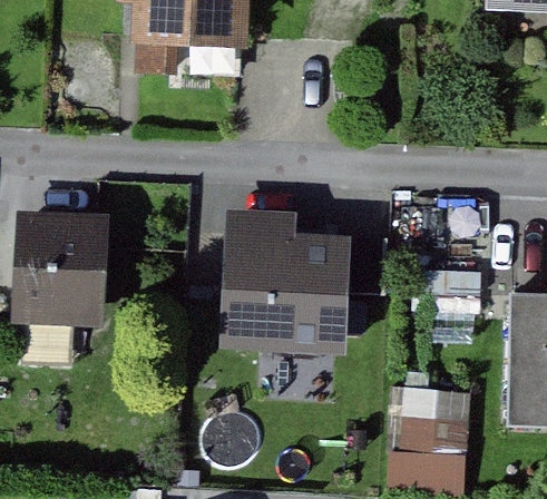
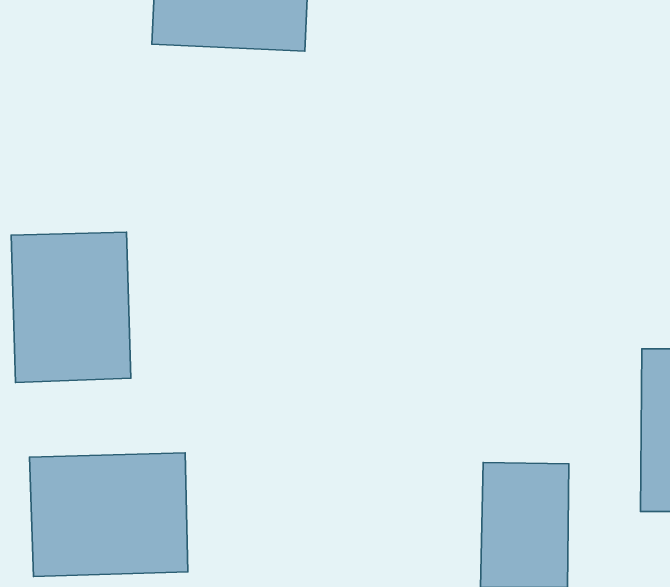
building: [235,224,349,345] -> none
building: none -> [29,453,188,576]

